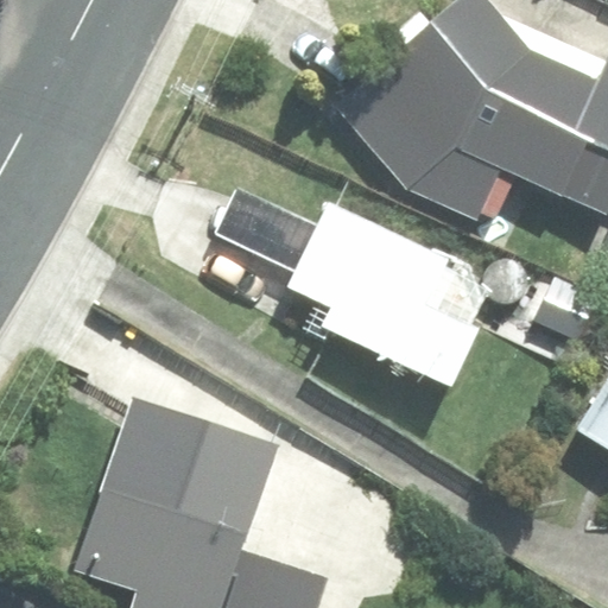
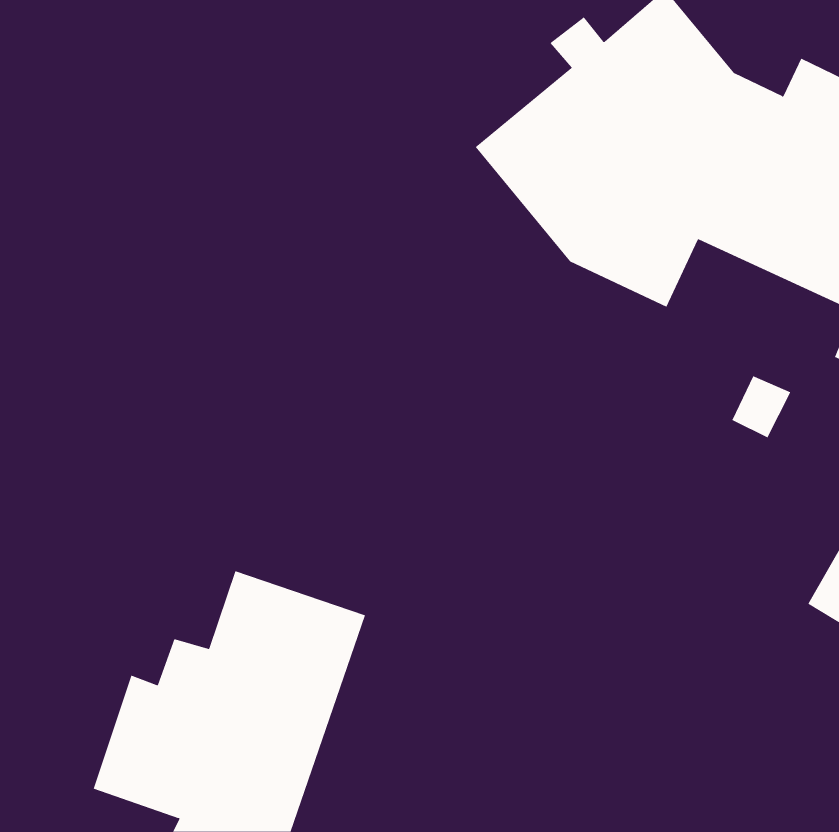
building: [238,198,487,394] -> none

